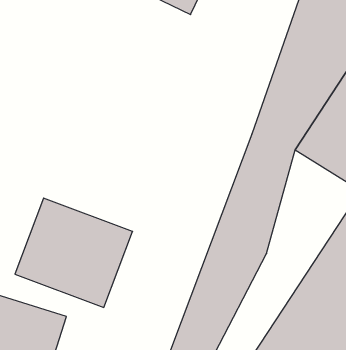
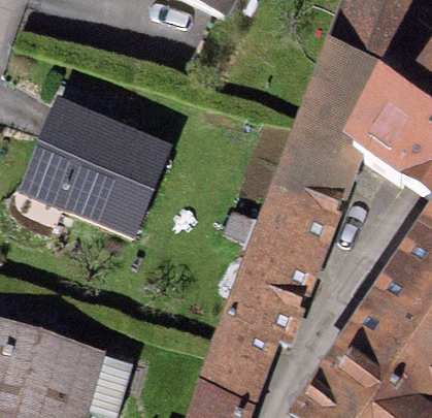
building: [15,198,133,307] -> [26,104,157,226]

